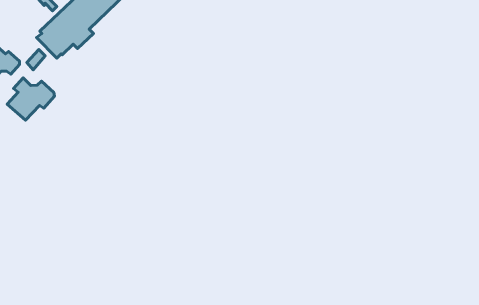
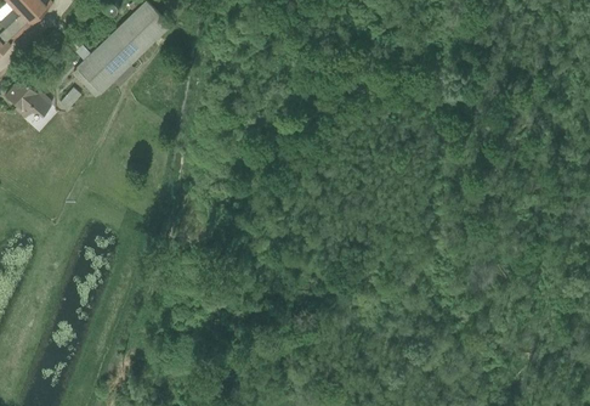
building: [7,78,55,120] -> none

